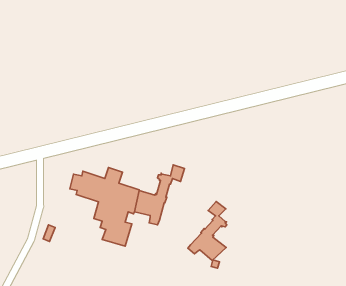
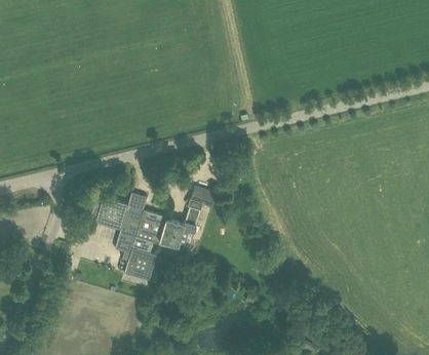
building: [188,202,227,261] -> none

